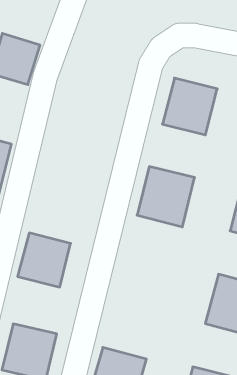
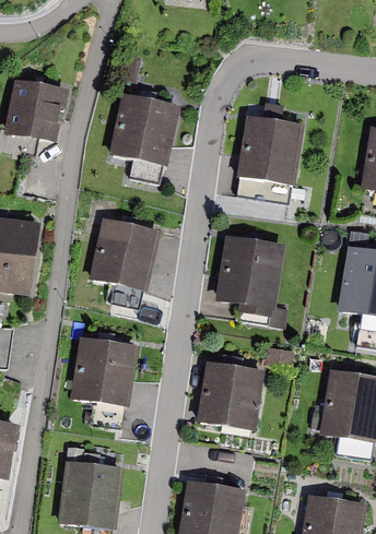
building: none -> [108,92,181,167]
building: none -> [89,216,162,290]
building: none -> [197,360,265,431]

